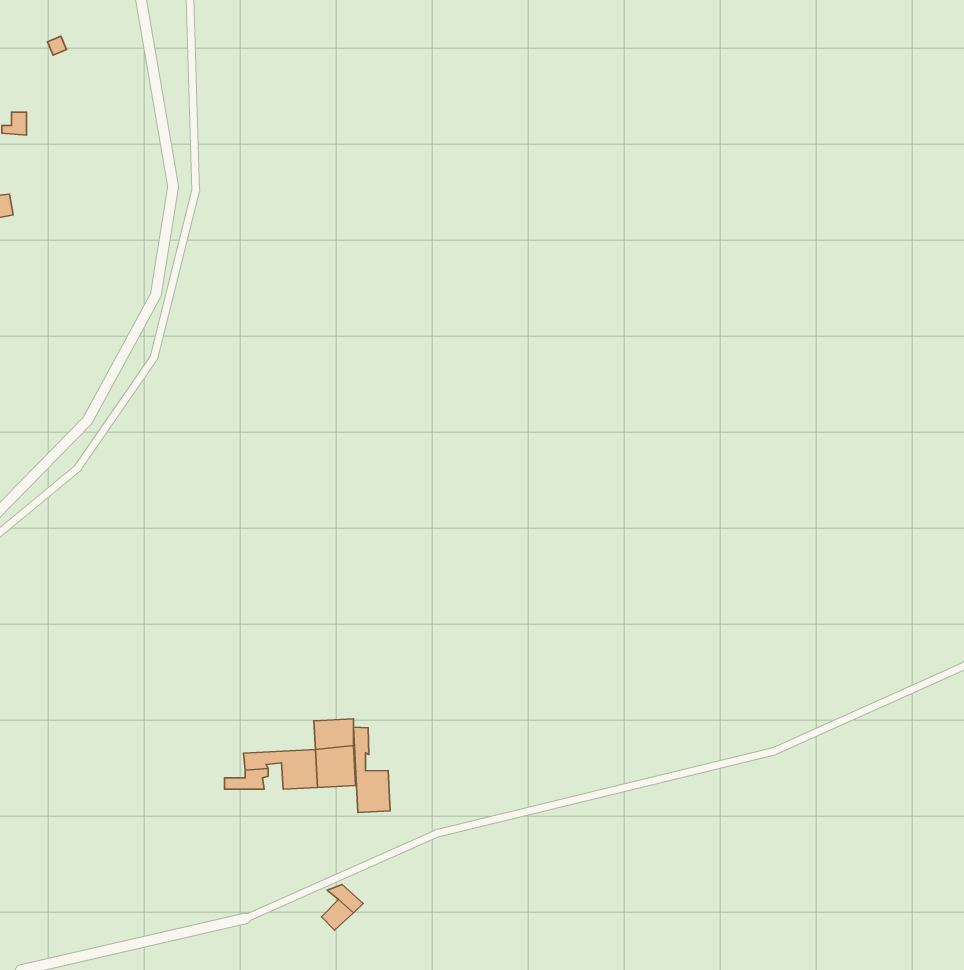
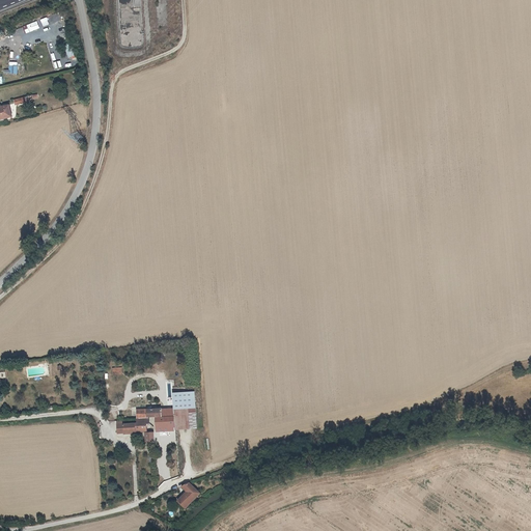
building: [354,727,390,812] -> none

